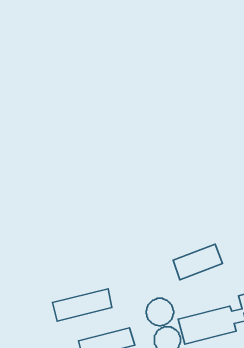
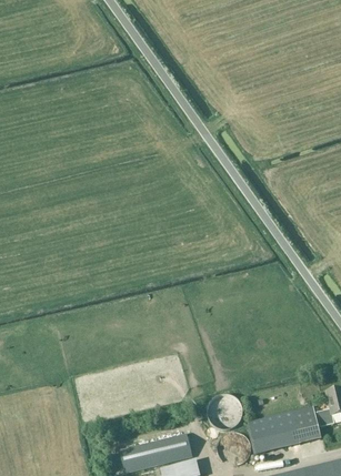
building: [173,244,223,280] -> none
building: [52,289,112,321] -> none

